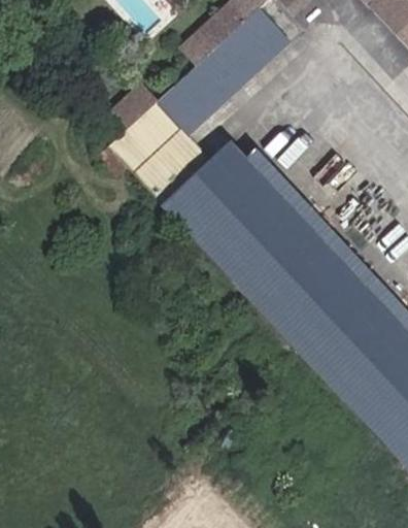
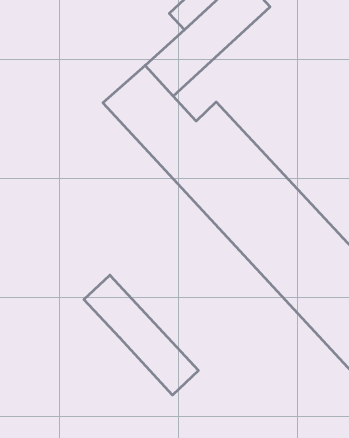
building: none -> [84,275,198,395]

